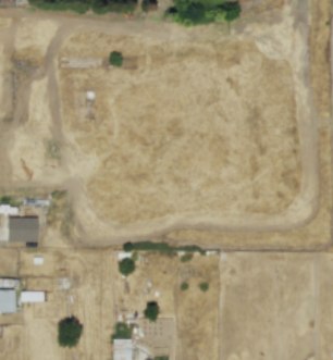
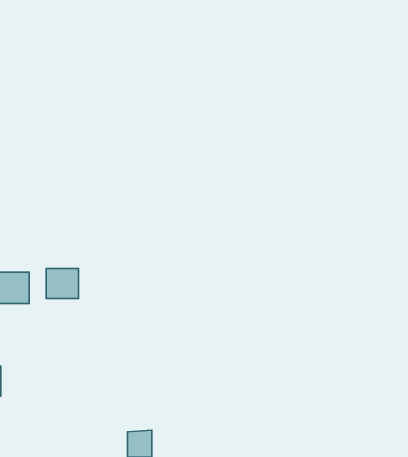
building: none -> [46,269,78,299]

